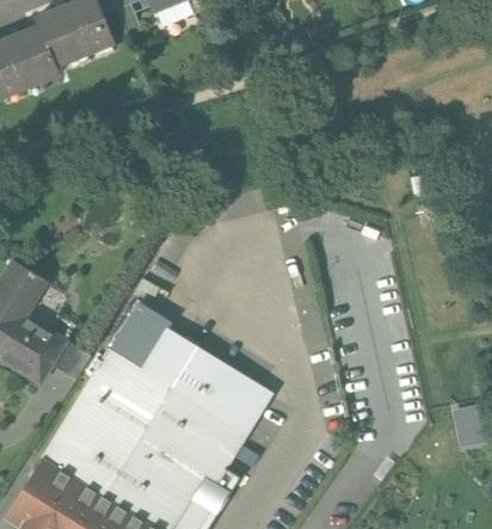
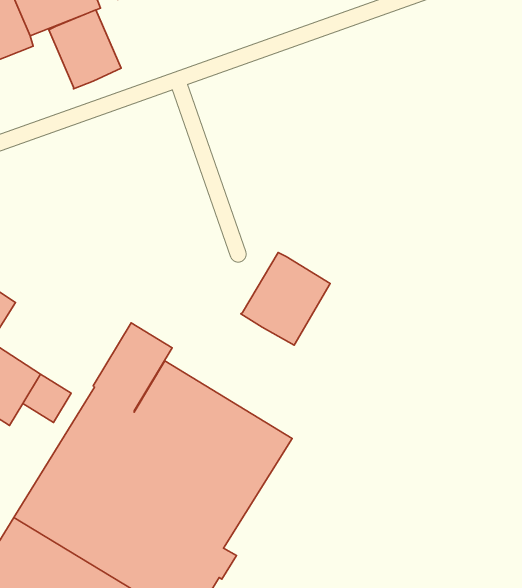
building: none -> [49,10,121,89]
building: none -> [241,252,330,345]

